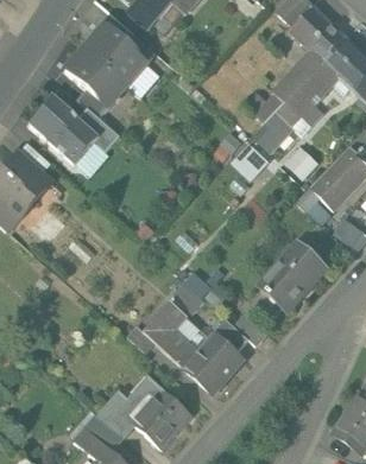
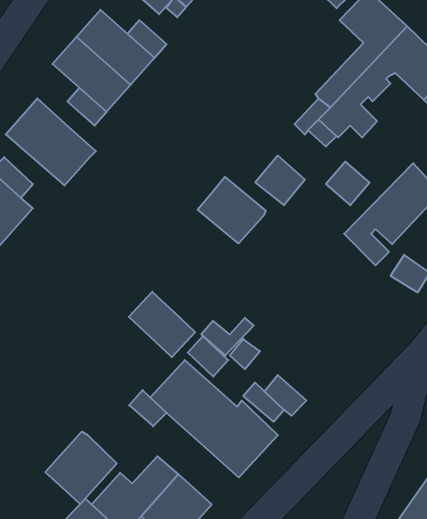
building: [77,107,119,151] -> none
building: none -> [198,177,266,243]
building: [259,244,323,312] -> none
building: none -> [129,292,195,357]
building: none -> [45,432,117,504]

